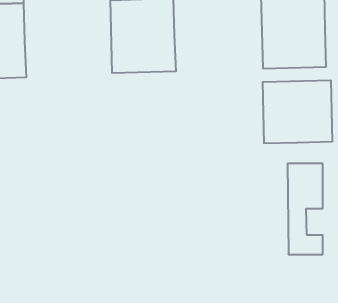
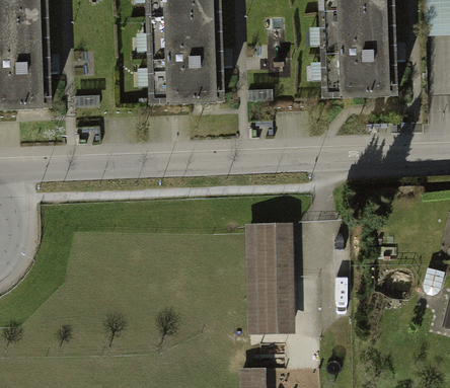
building: [263,80,332,143] -> none
building: [288,164,323,254] -> [249,222,290,326]

